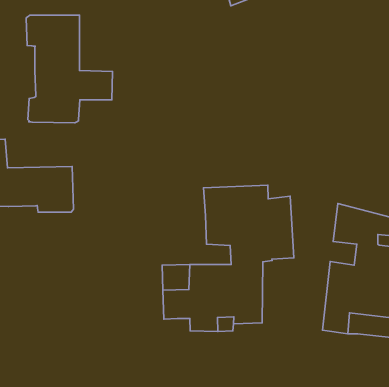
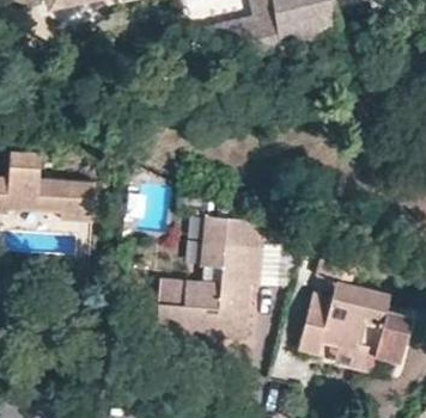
building: [26,15,113,123] -> none

